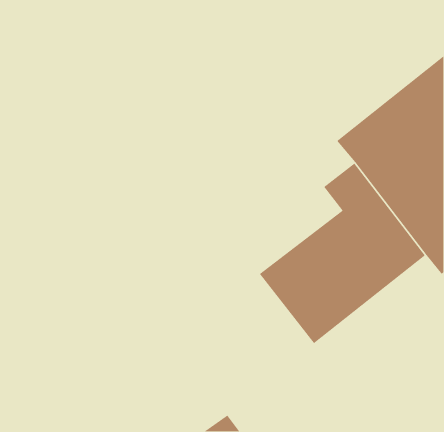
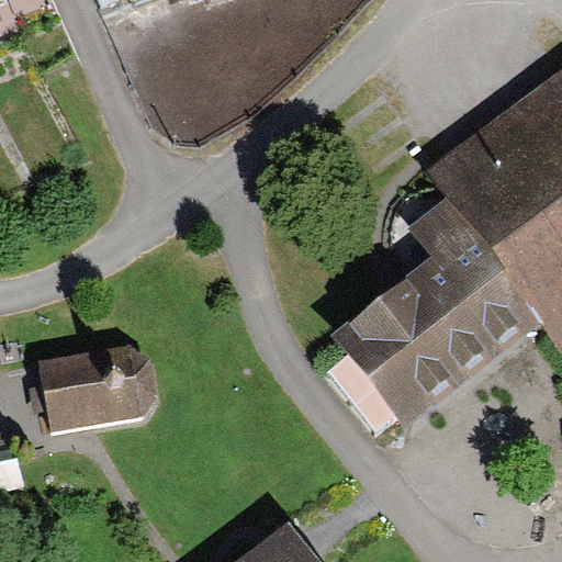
building: none -> [46,342,158,426]

